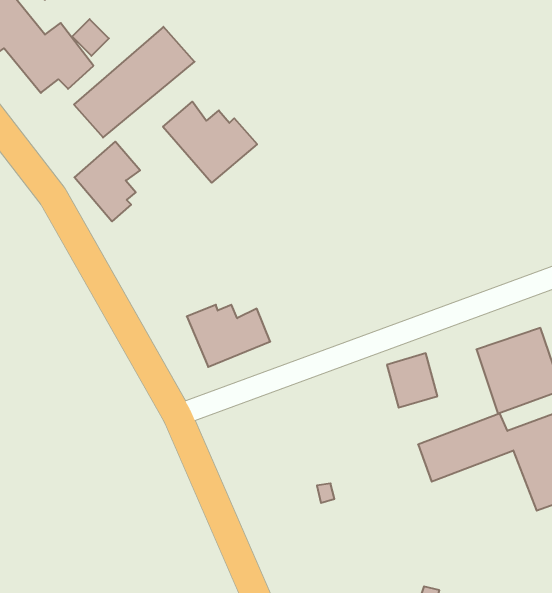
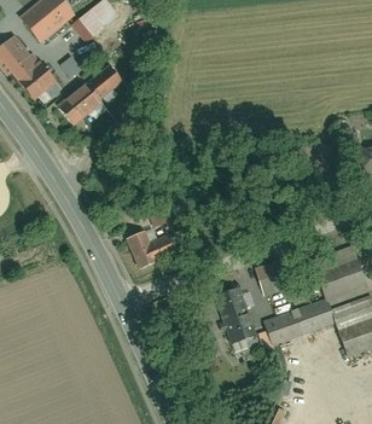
building: [163,102,257,183] -> none
building: [74,142,140,221] -> none
building: none -> [215,289,255,342]

